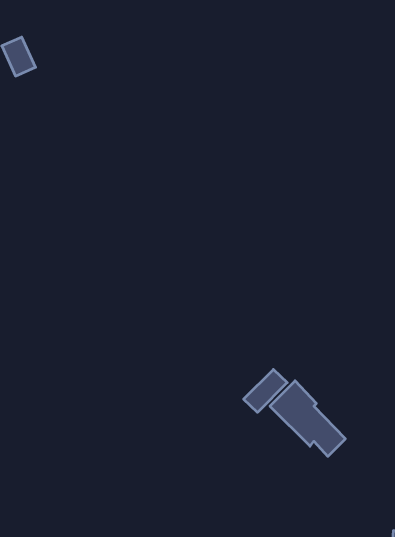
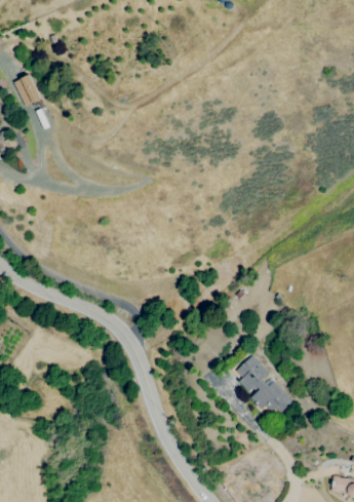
building: [244,369,287,412] -> none

